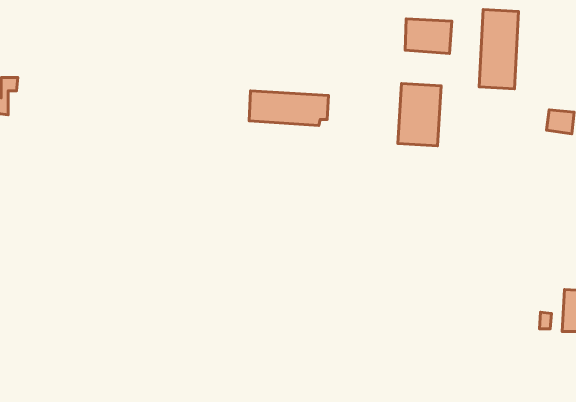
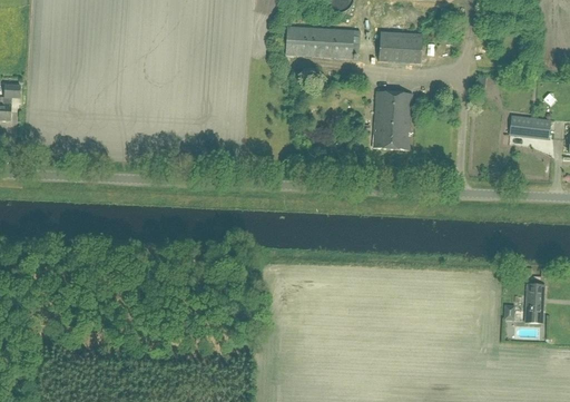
building: [479,10,519,89] -> none
building: [249,91,328,126] -> [286,26,360,58]

